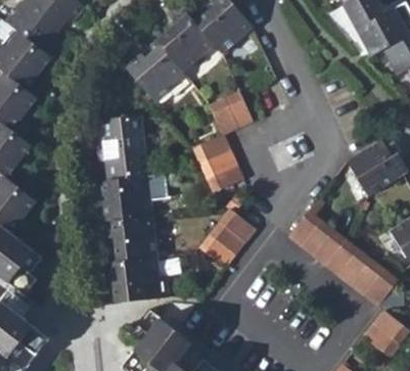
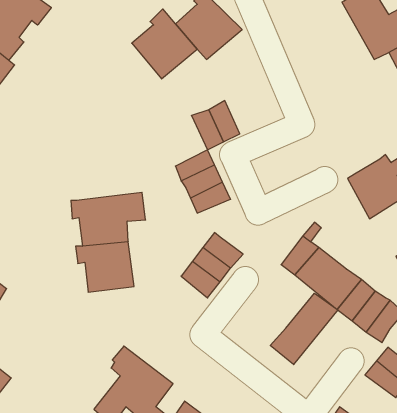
building: [129,40,186,101] -> none
building: [96,114,147,180] -> none
building: [110,257,168,302] -> none
building: none -> [270,293,338,365]

